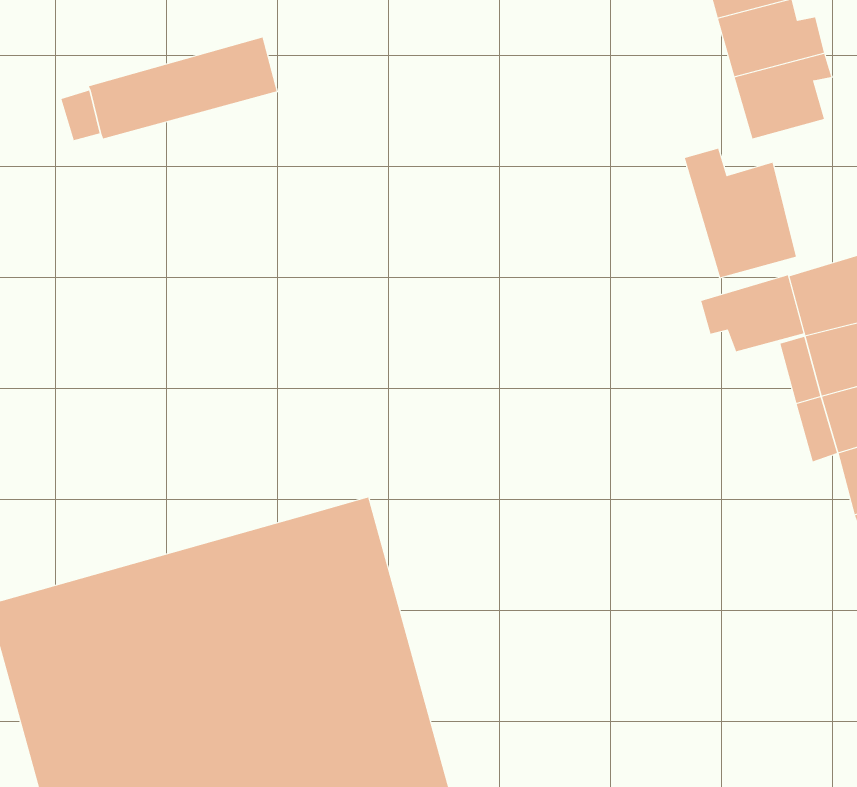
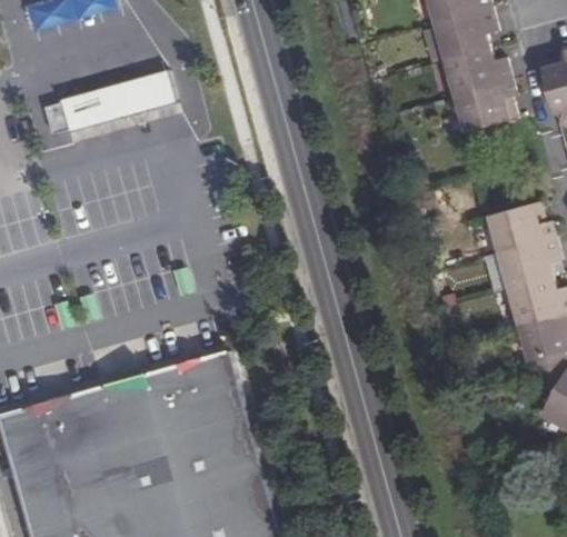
building: [684,148,796,278] -> none
building: [701,274,804,352] -> none

